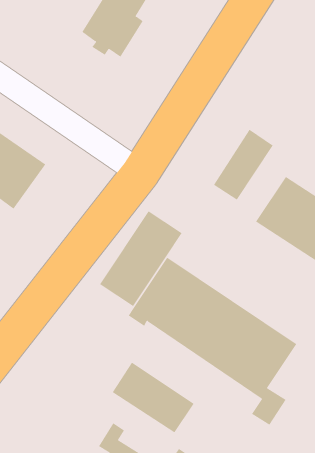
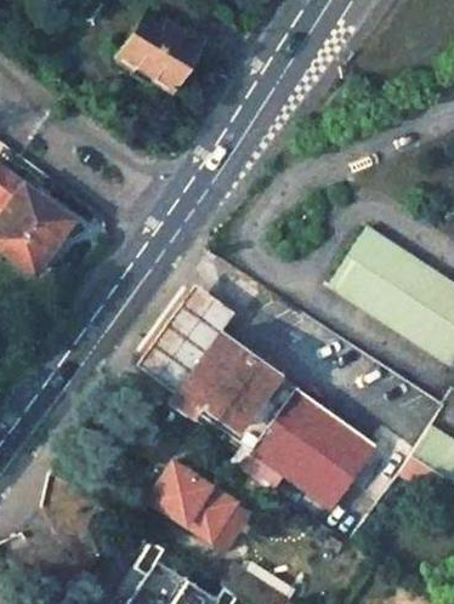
building: [213,129,273,200] -> none

